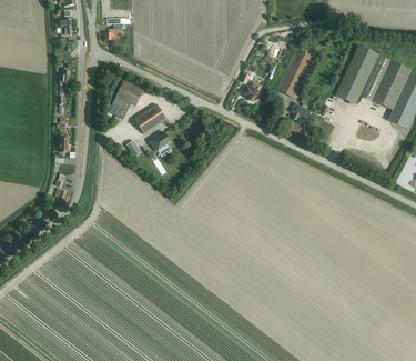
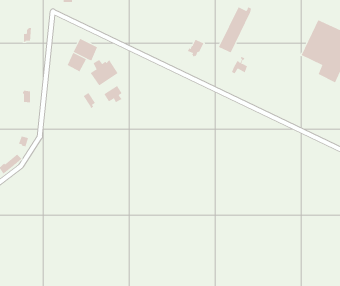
building: [335,44,388,104] -> none

